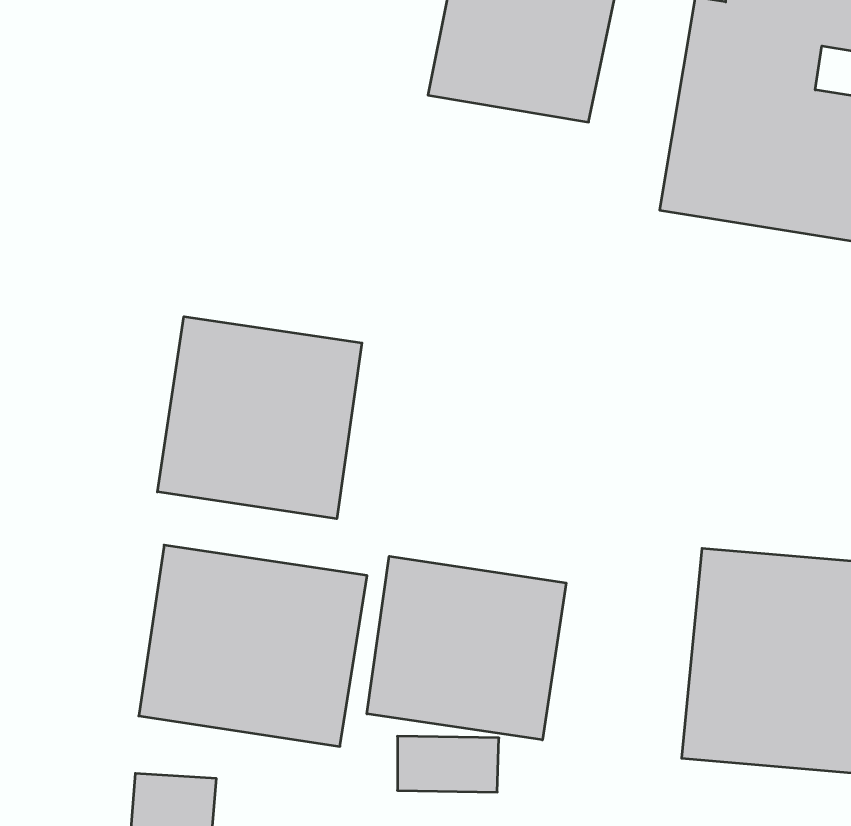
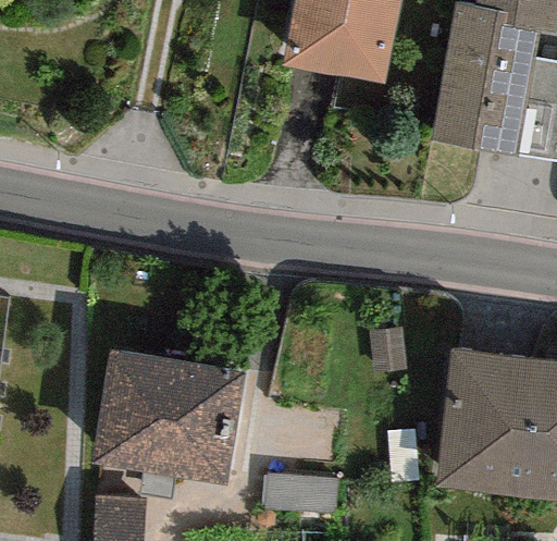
building: [157,317,362,519] -> none
building: [367,556,566,740] -> none

